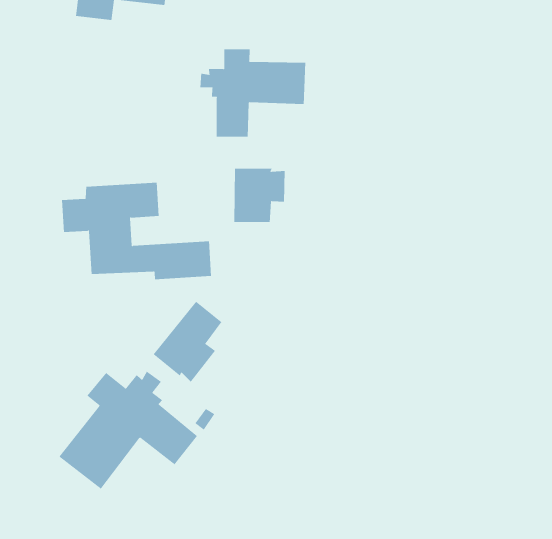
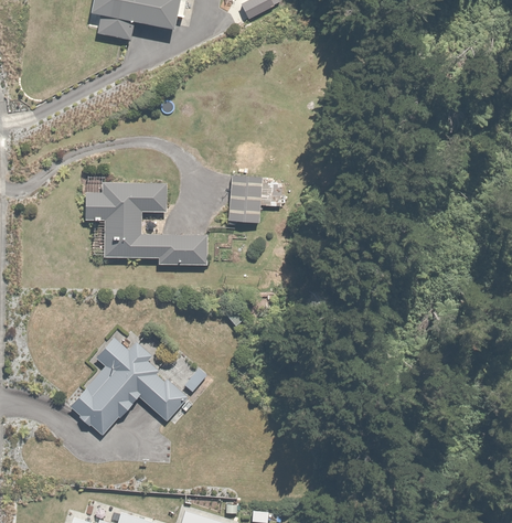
building: [200,49,306,138] -> none
building: [153,301,222,382] -> none

